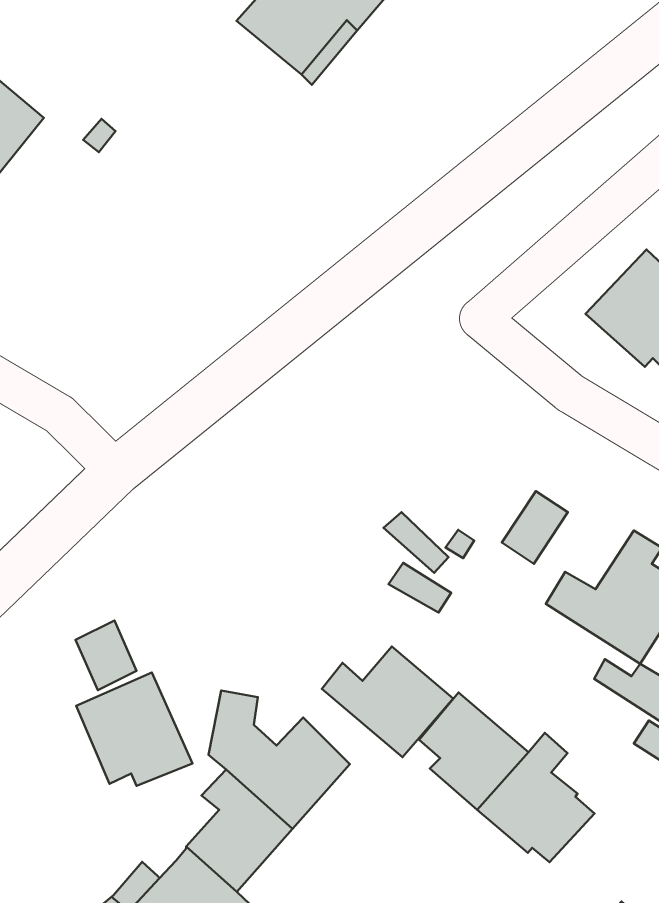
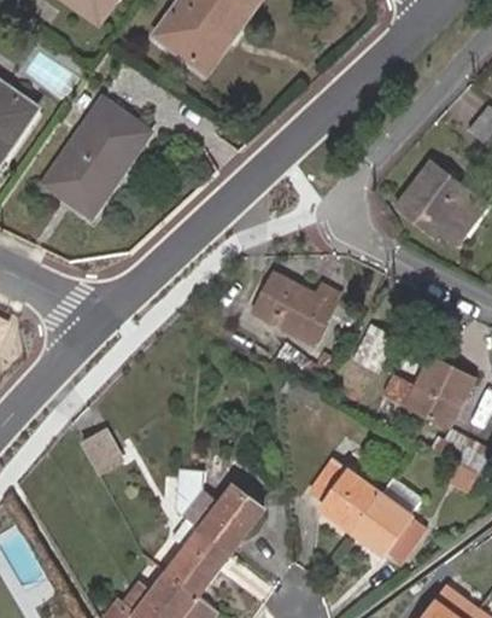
building: none -> [42,98,151,216]
building: none -> [251,270,342,345]
building: [322,646,453,757] -> none
building: [76,673,192,786] -> none

